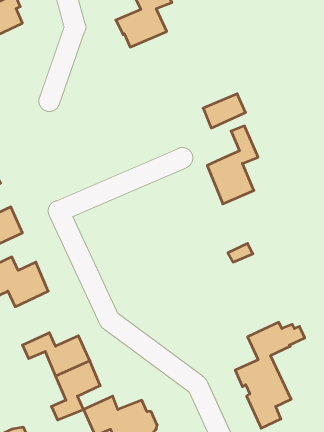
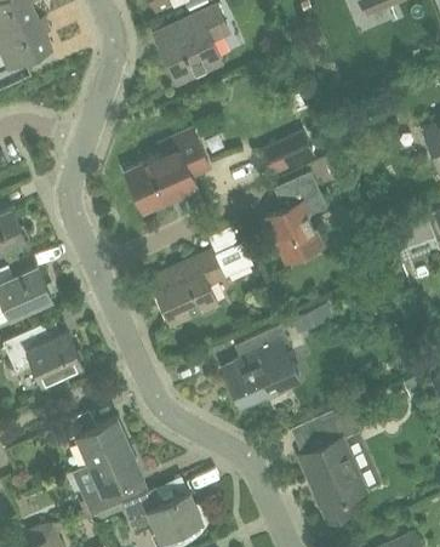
building: none -> [125,130,208,211]
building: none -> [150,241,247,321]
building: none -> [222,325,298,408]

